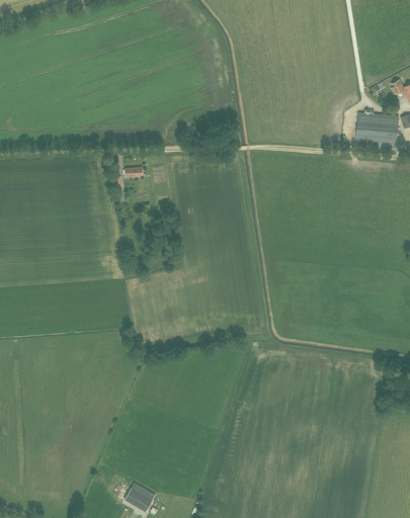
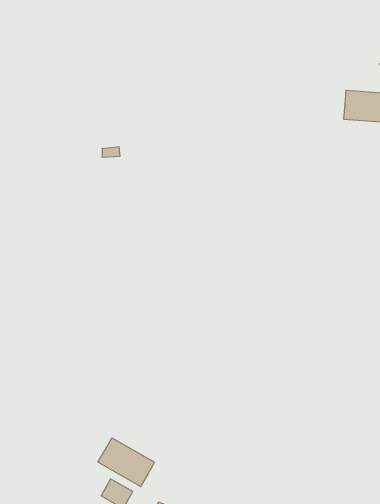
building: none -> [98,438,154,487]

